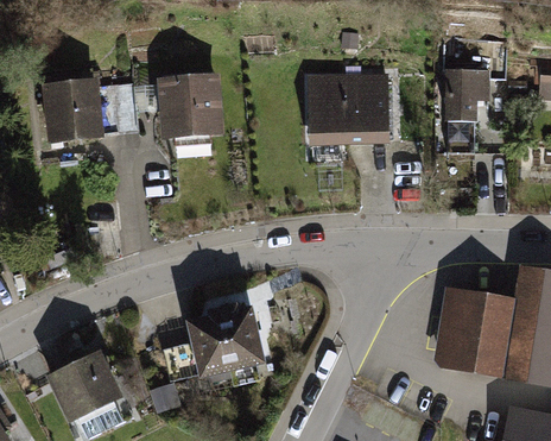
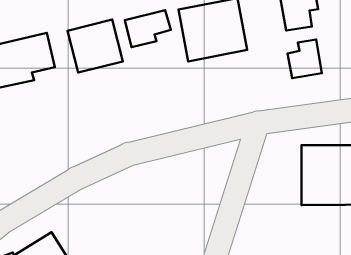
building: none -> [125,10,171,47]
building: none -> [287,40,322,78]
building: [186,303,260,371] -> none

